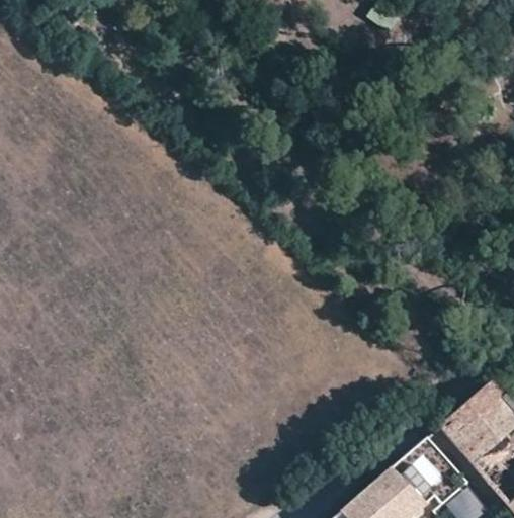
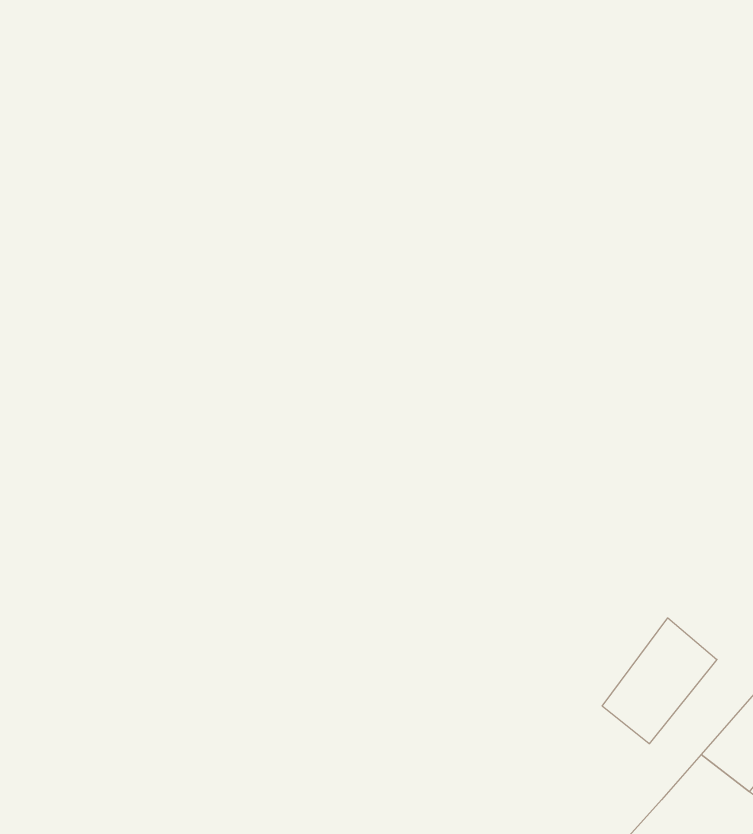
building: none -> [602,618,717,744]

